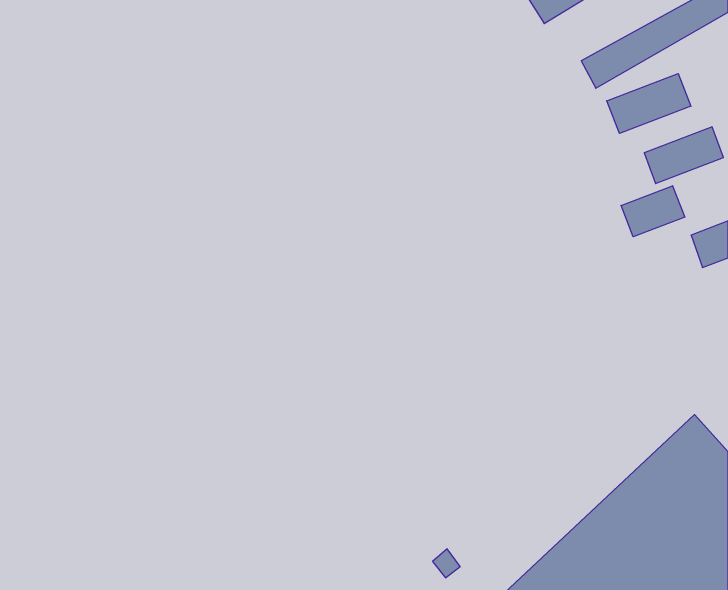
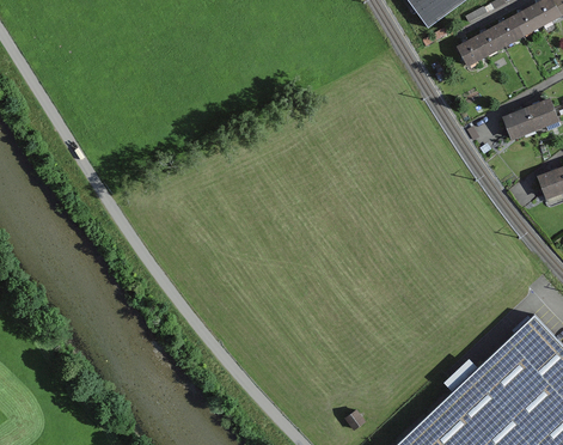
building: [607,74,691,133] -> none
building: [621,186,685,237] -> none

